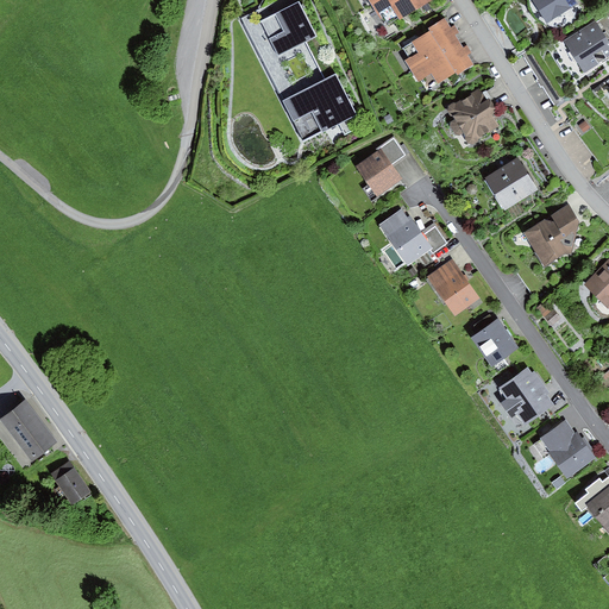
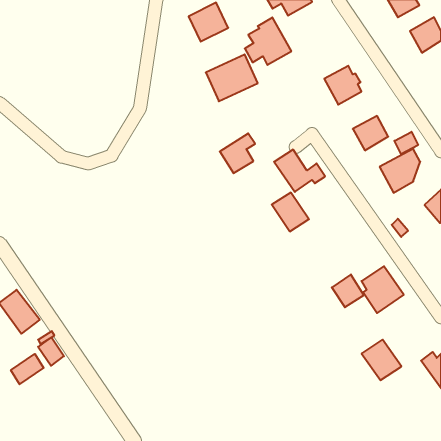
building: [406,17,470,82] -> [245,17,291,65]
building: [356,142,404,196] -> [220,133,255,173]
building: none -> [394,132,418,154]
building: [427,259,478,313] -> [272,193,309,231]
building: [472,318,516,363] -> [332,274,364,307]
building: [538,419,592,475] -> [362,340,401,380]
building: none -> [11,354,44,384]

